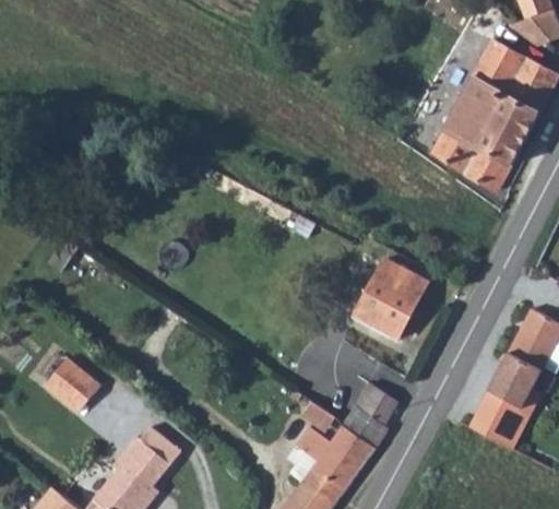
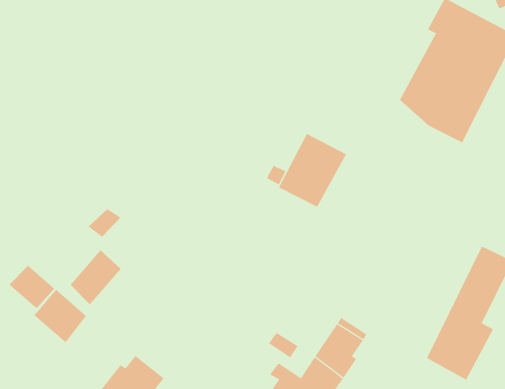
building: [349,257,424,338] -> [278,133,347,207]
building: none -> [70,250,121,305]
building: none -> [8,265,55,309]

